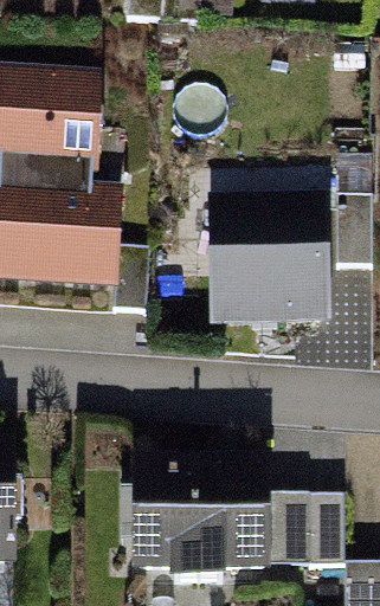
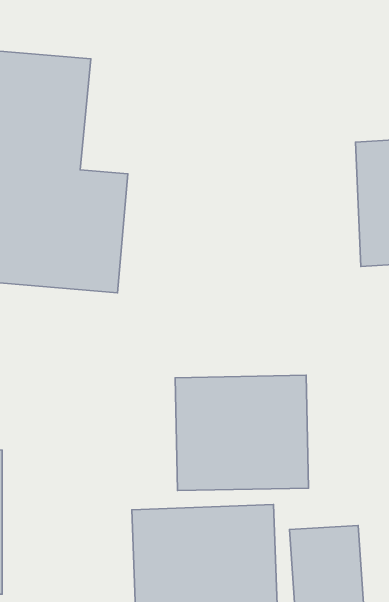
building: [212,198,324,327] -> none
building: none -> [175,375,308,491]

